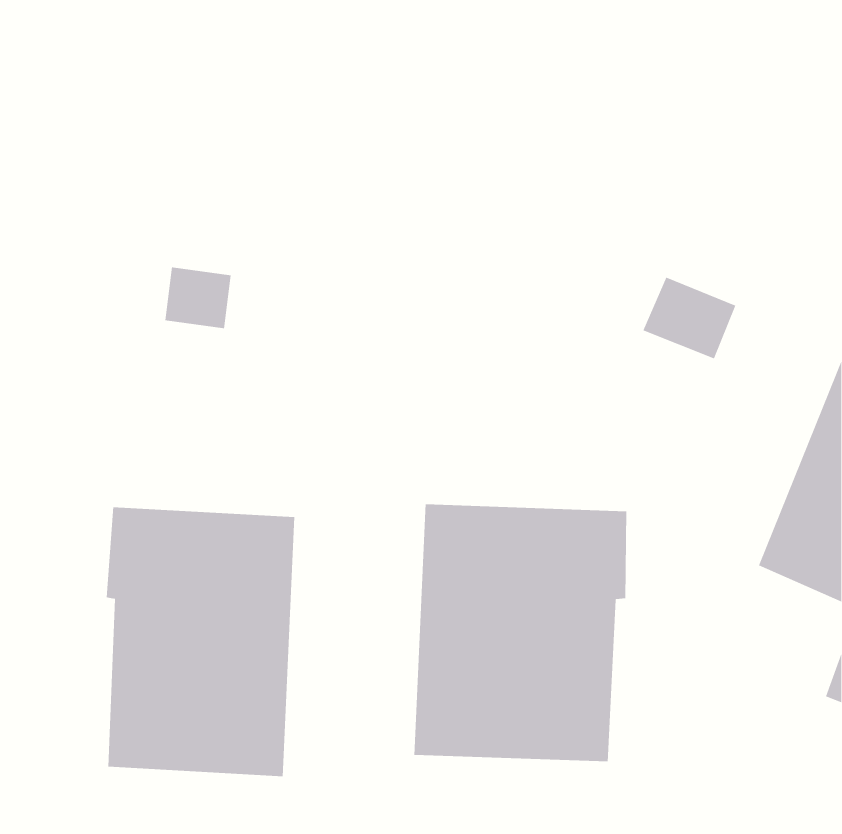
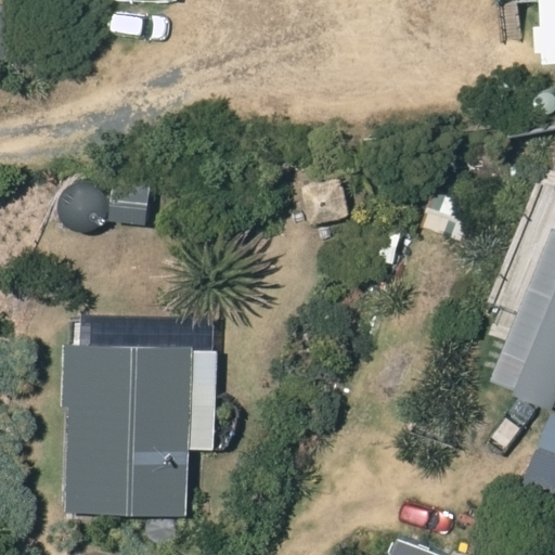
building: [414,504,627,762] -> none

